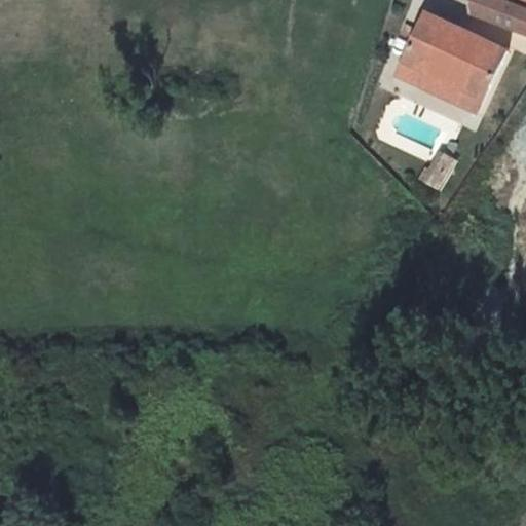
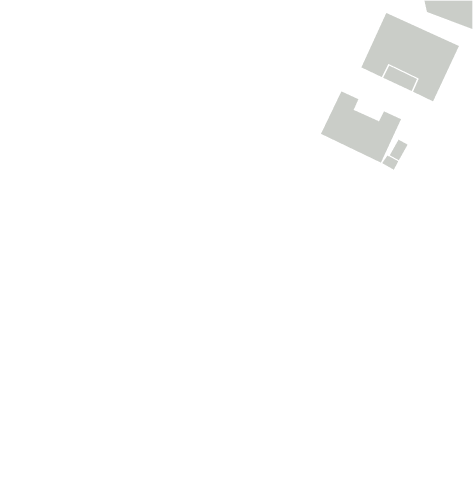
building: none -> [320,91,402,163]

